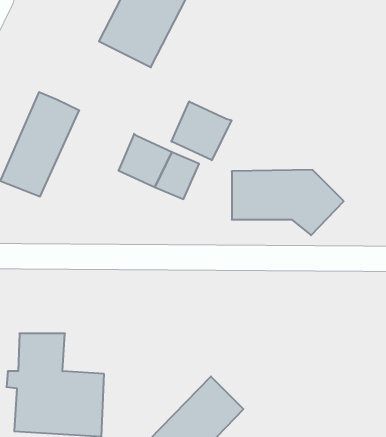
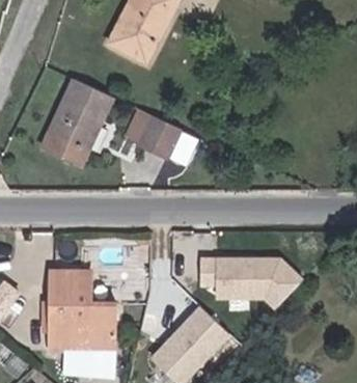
building: [171,101,232,160] -> none
building: [232,170,344,235] -> [218,256,307,308]

